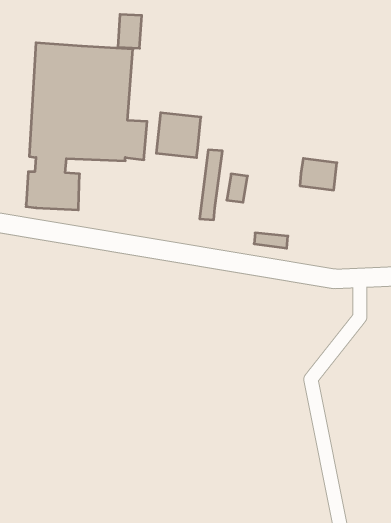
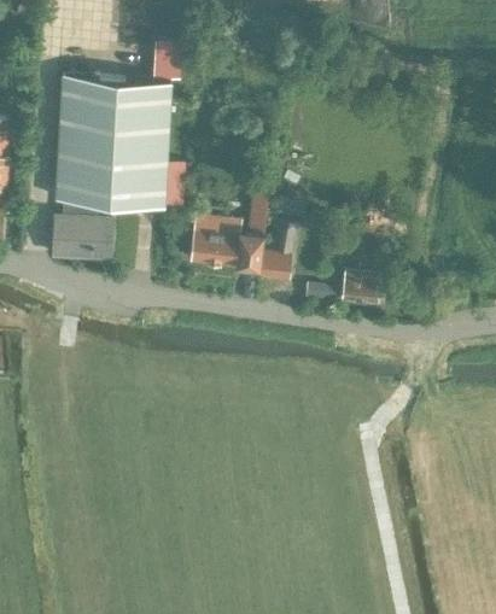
building: [156,113,201,158] -> [191,217,240,267]
building: [300,158,337,190] -> [340,270,381,305]
building: none -> [261,251,292,279]

